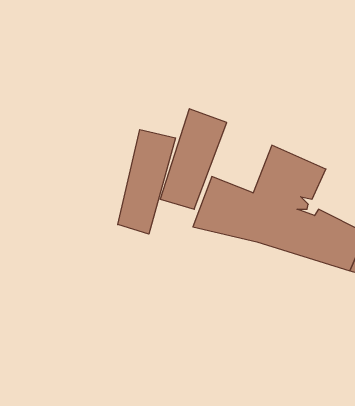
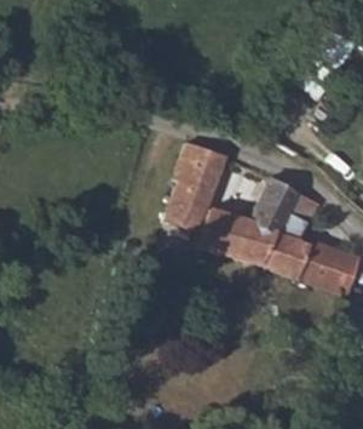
building: [118,130,176,234] -> none

